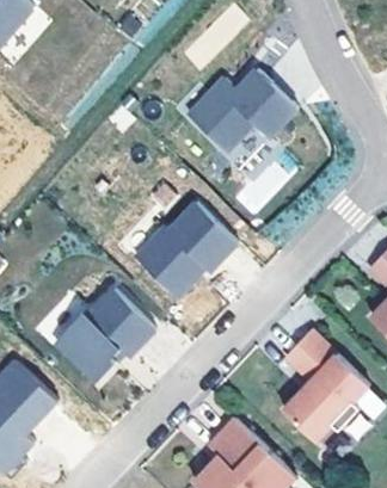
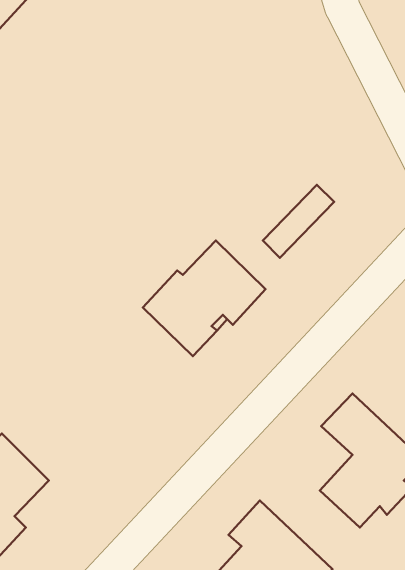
building: [191,67,300,152] -> none
building: [54,289,155,383] -> none

